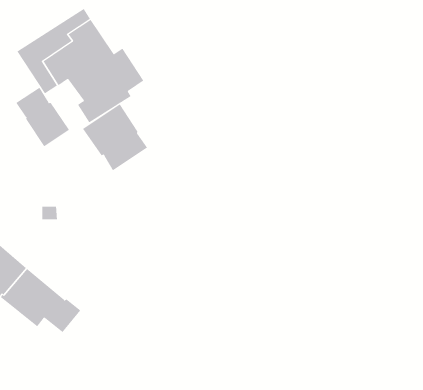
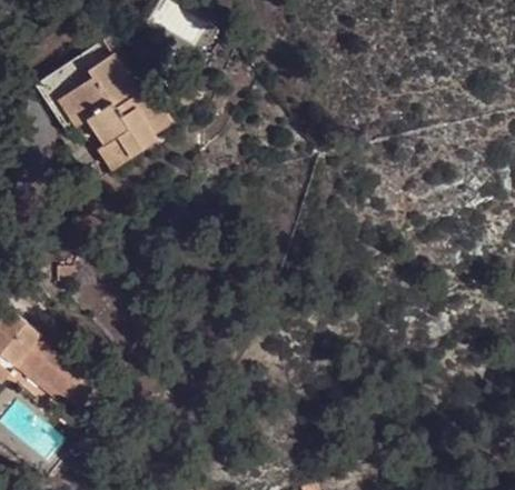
building: [16,87,70,147] -> none
building: [82,103,148,171] -> none

